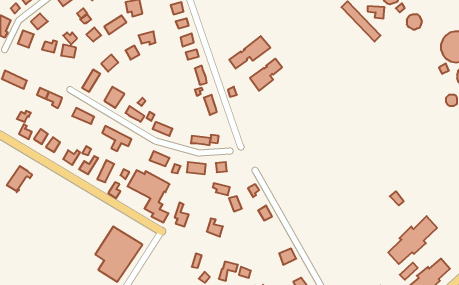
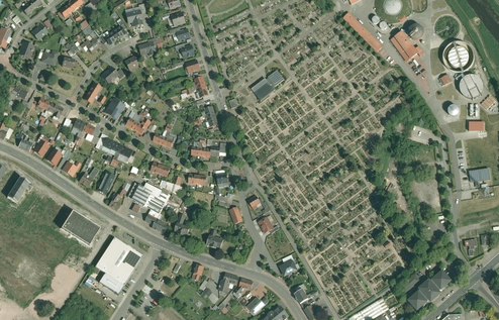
building: none -> [391,31,418,62]
building: [229,36,270,69] -> none
building: none -> [61,211,100,246]
building: [388,216,437,264] -> none

